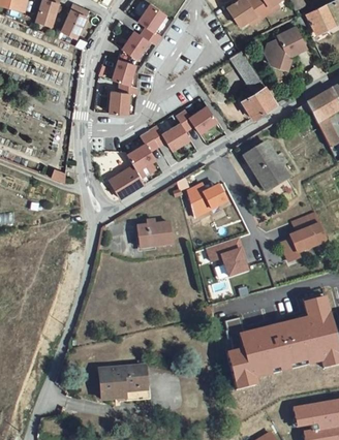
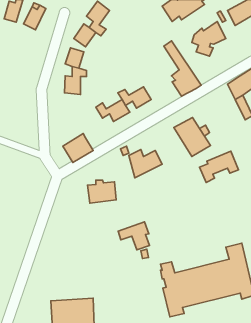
building: [127,131,156,168] -> none
building: [282,223,330,261] -> [199,151,238,183]
building: [208,239,246,273] -> [118,222,150,250]

